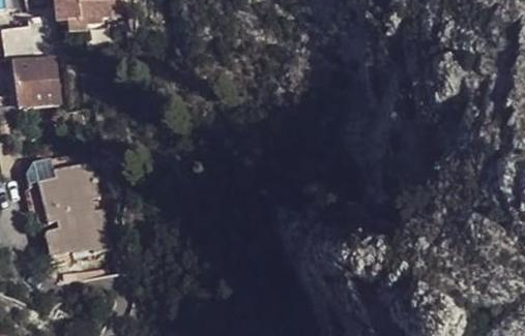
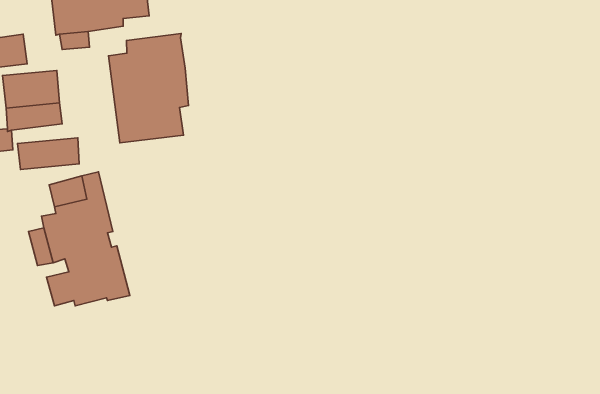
building: none -> [109,34,188,143]
building: none -> [18,138,79,169]

